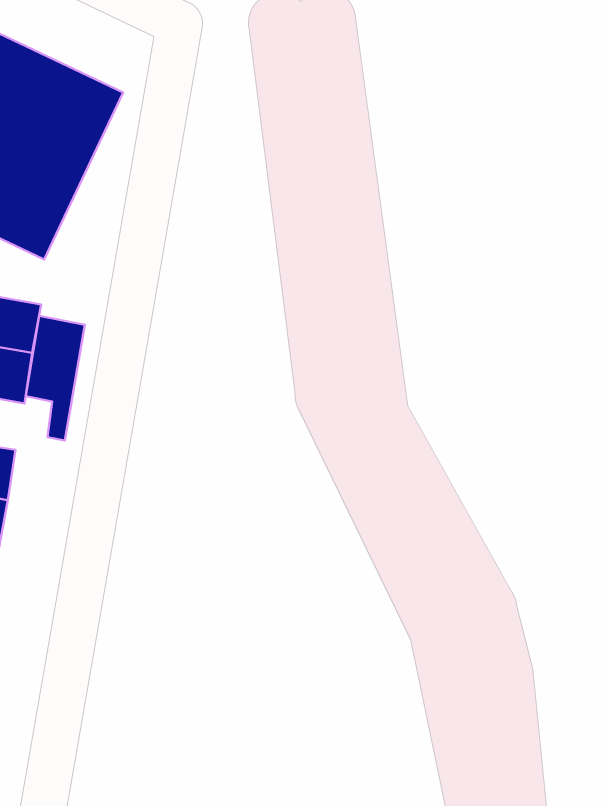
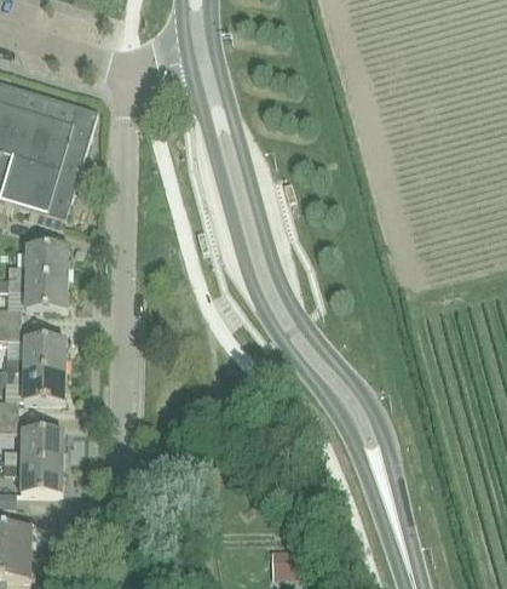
building: [26,316,85,441] -> none

